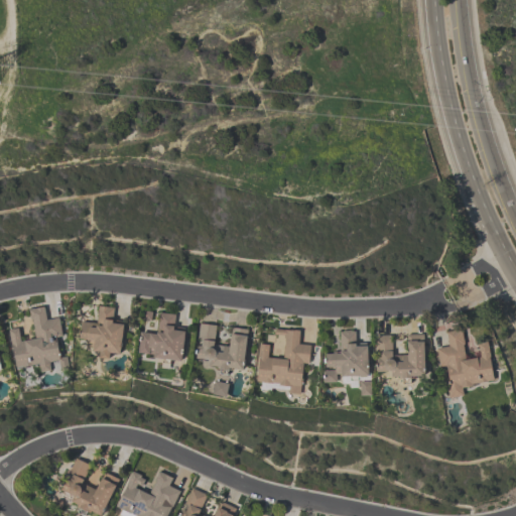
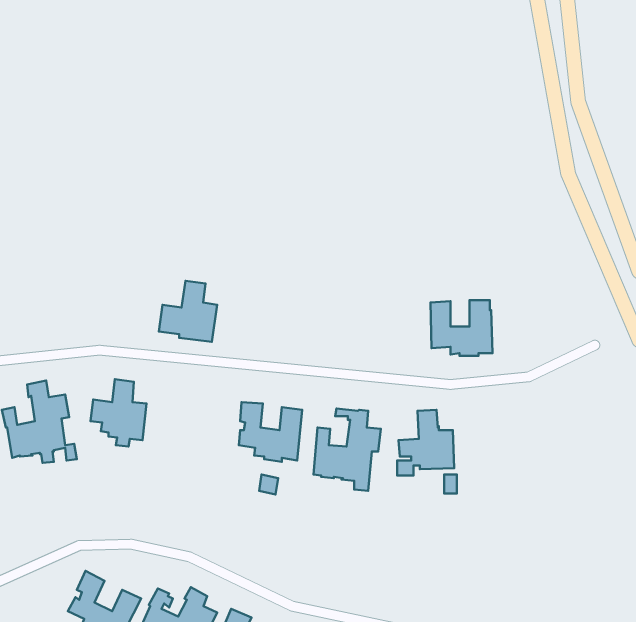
building: [139,312,185,361] -> [159,281,217,342]
building: [436,329,494,398] -> none
building: [376,334,425,378] -> [430,300,492,356]

